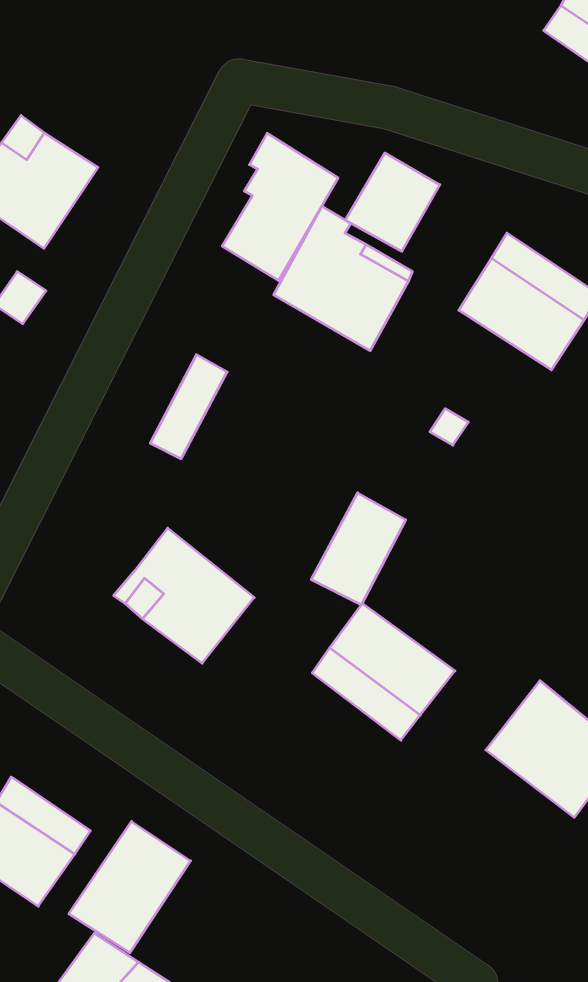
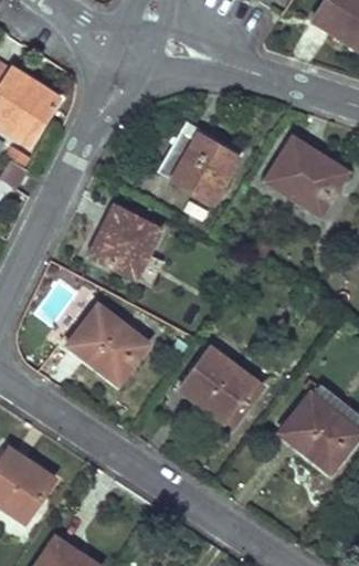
building: [222,133,338,281] -> none
building: [345,153,440,251] -> none
building: [311,493,406,605] -> [106,214,160,279]
building: [69,821,191,953] -> none

